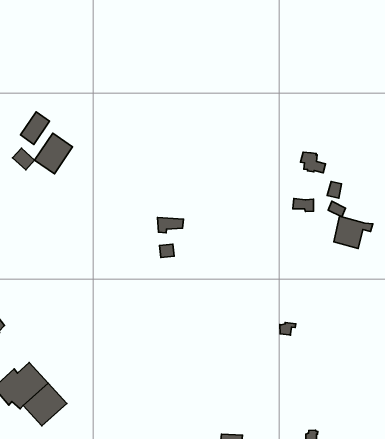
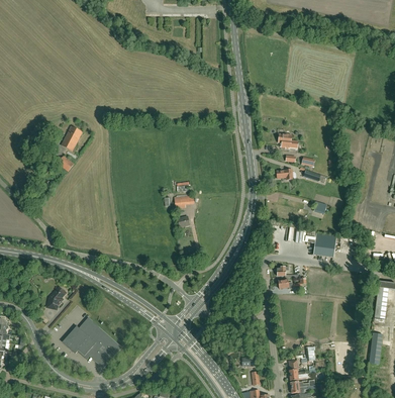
building: [34,133,73,174] -> none
building: [334,216,373,249] -> [314,234,342,258]

